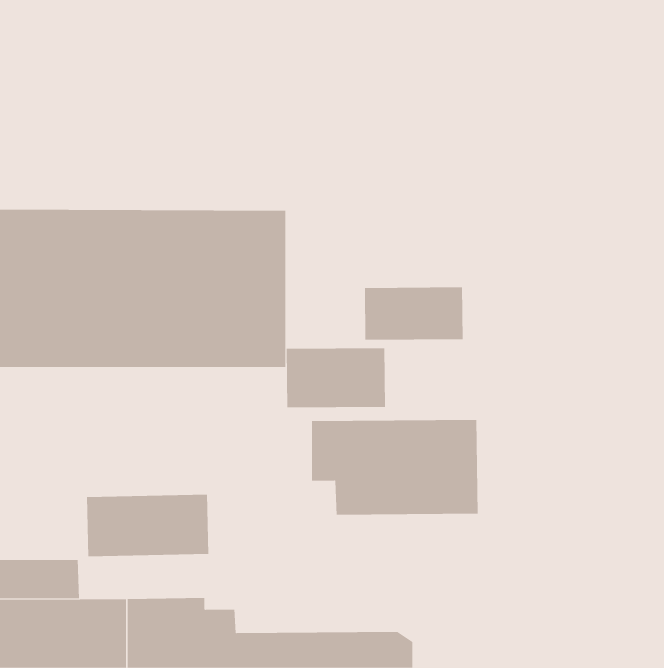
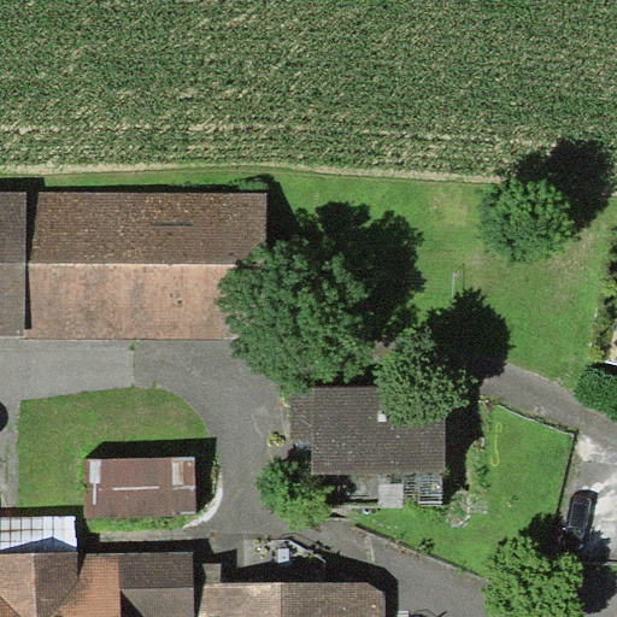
building: [364,287,463,341] -> none
building: [286,348,385,408] -> none

